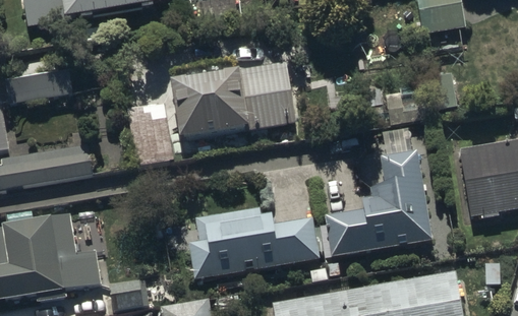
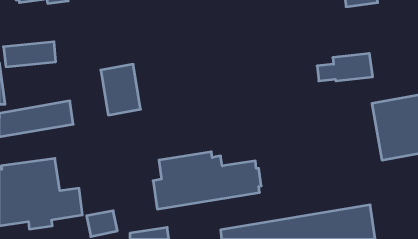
building: [171,63,295,136] -> none
building: [327,149,433,257] -> none

